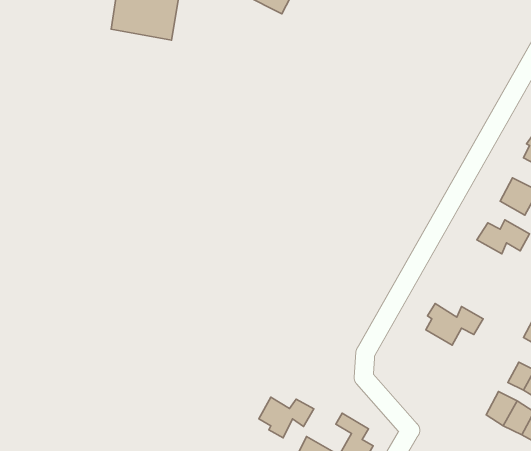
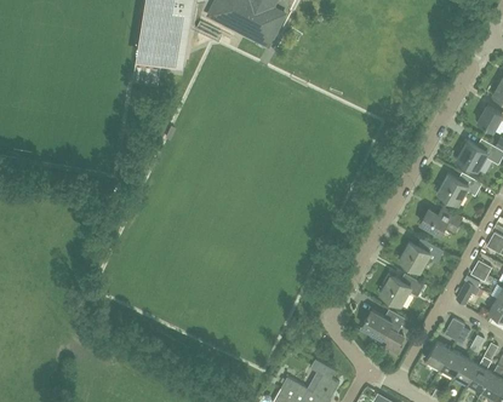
building: none -> [399,241,442,270]
building: none -> [360,310,413,355]
building: [259,397,314,438] -> none

